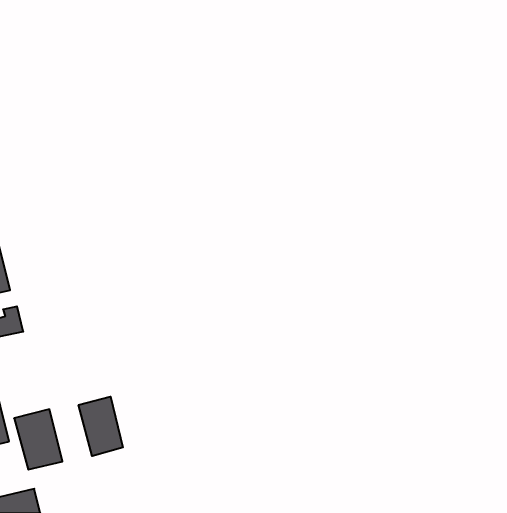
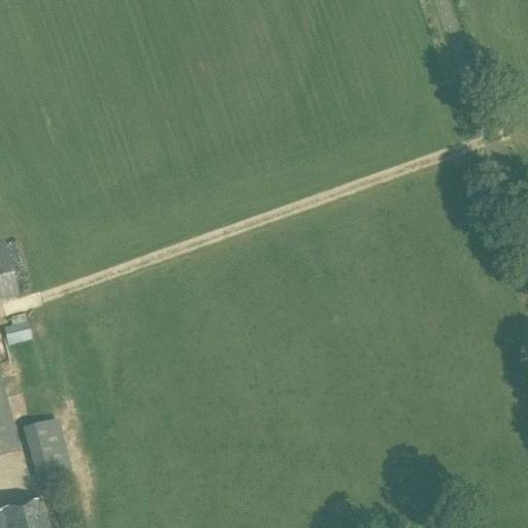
building: [79,397,123,456] -> none

